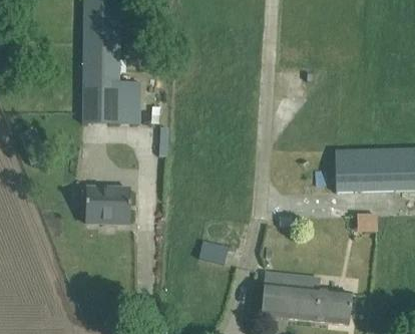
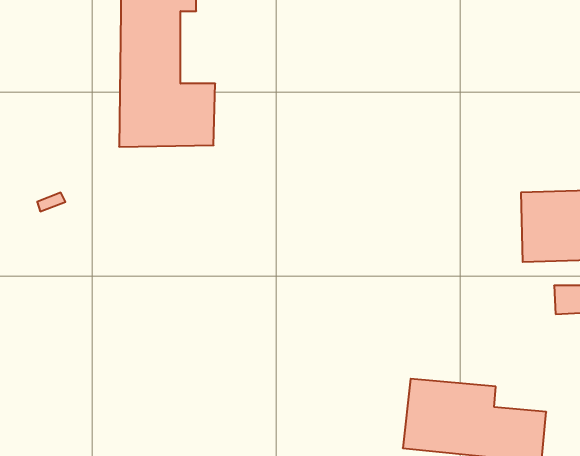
building: [85,186,130,224] -> none
building: [198,240,227,264] -> none

